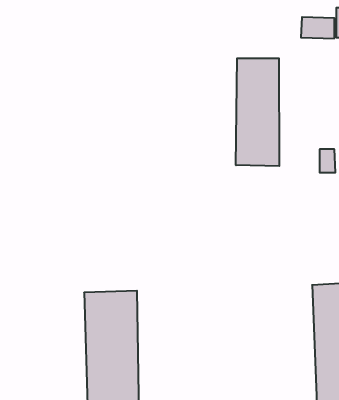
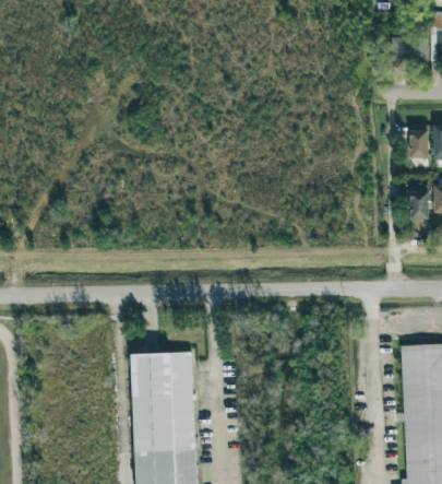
building: [236,58,279,166] -> none
building: none -> [408,126,427,153]

